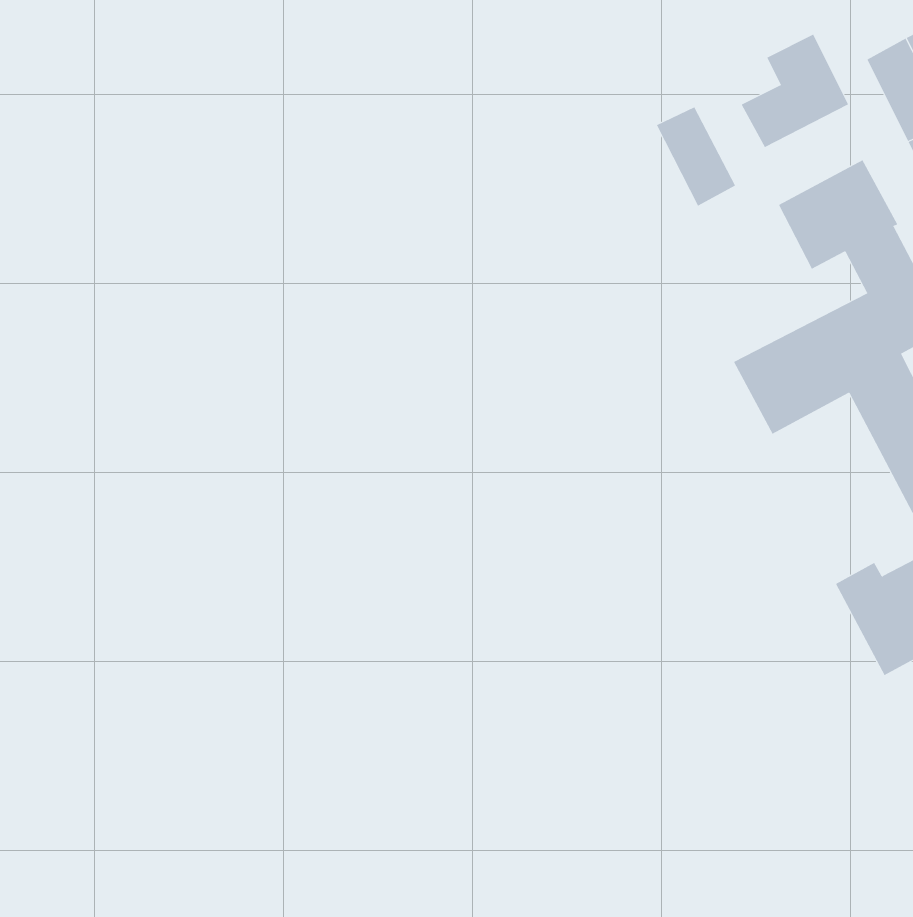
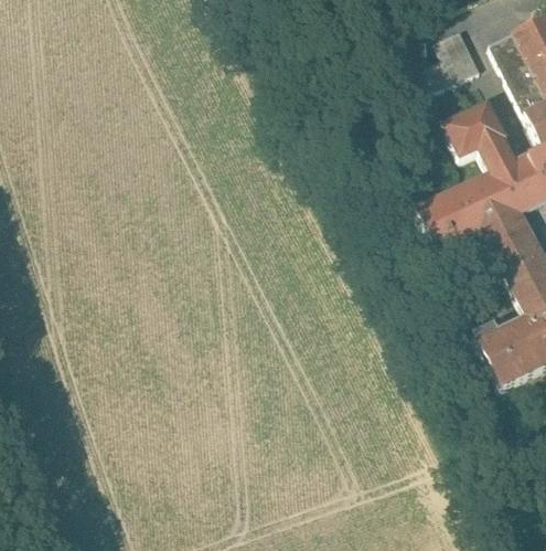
building: [656,107,736,207] -> none

